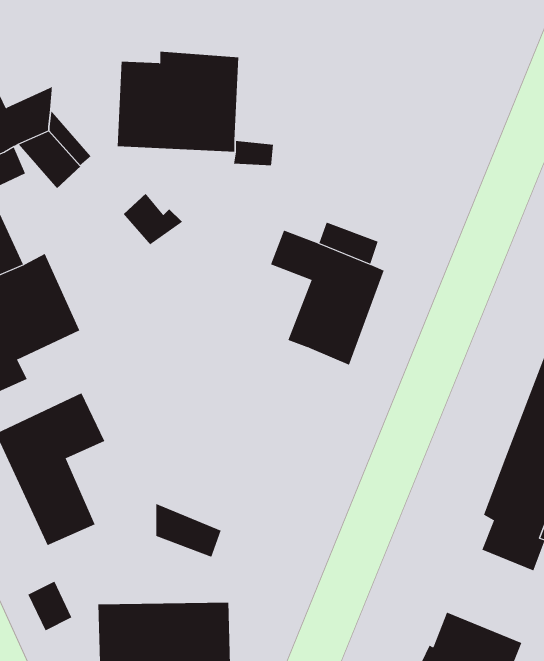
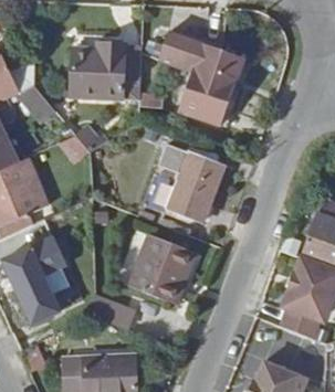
building: none -> [160,33,245,125]
building: none -> [130,233,198,304]

